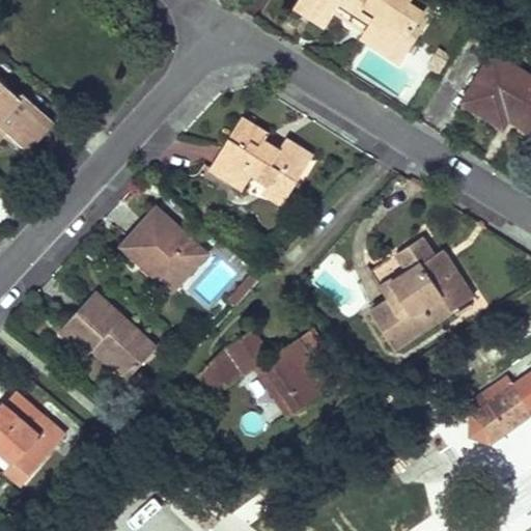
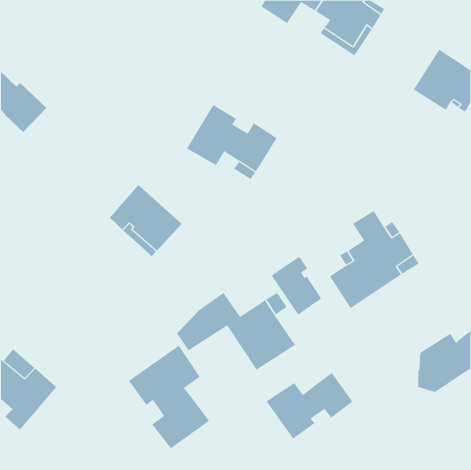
building: none -> [271,256,322,316]
building: [60,292,156,376] -> none
building: none -> [128,345,210,449]
building: none -> [266,372,353,440]

